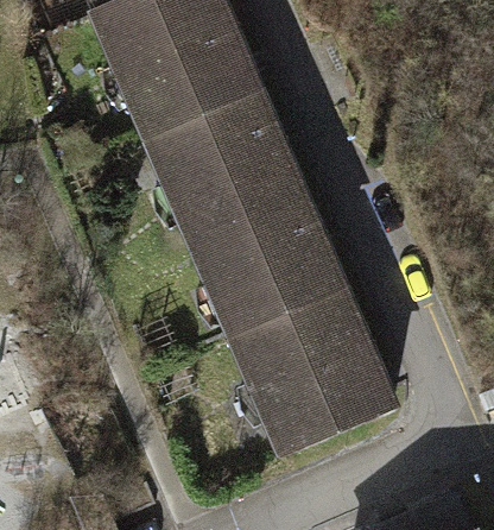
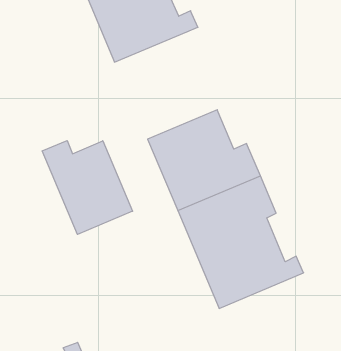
building: [150,94,300,233] -> none
building: none -> [42,141,133,234]

